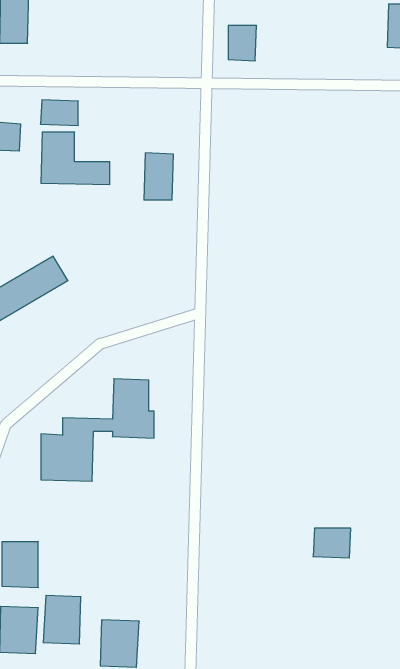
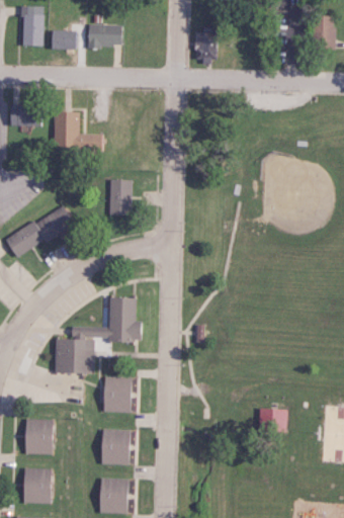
building: none -> [89,24,122,48]
building: [40,100,78,125] -> [52,30,80,50]
building: [144,153,173,200] -> [110,180,133,215]
building: none -> [102,377,132,413]
building: [43,595,81,644] -> [100,429,128,465]

